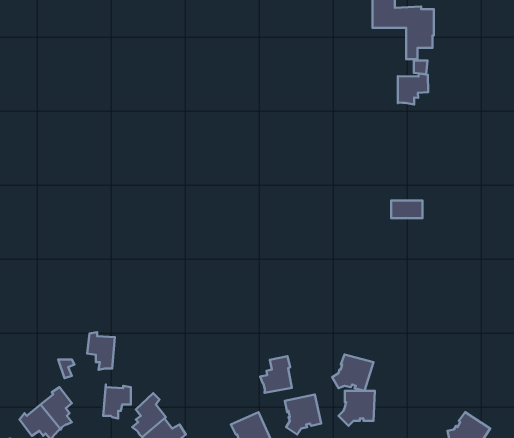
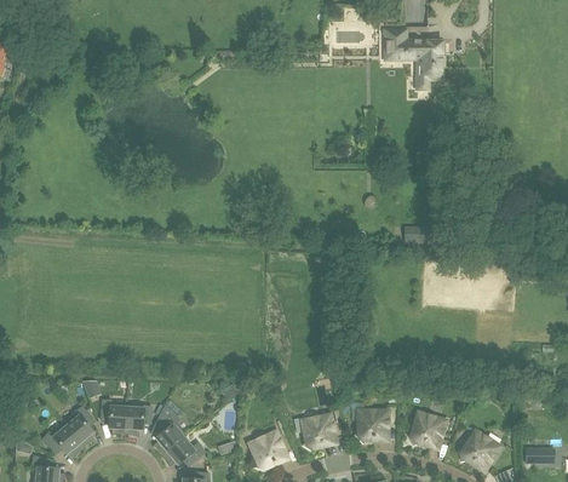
building: [398,73,428,104] -> none
building: [87,332,115,370] -> [99,397,126,434]
building: [332,355,373,391] -> [405,411,444,446]
building: [260,356,292,393] -> none

